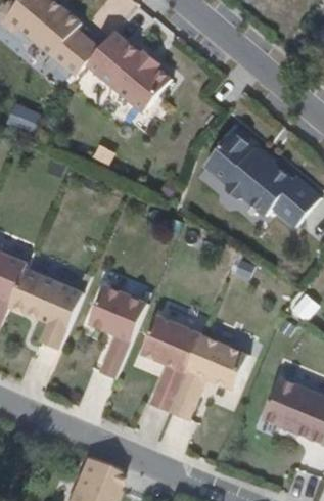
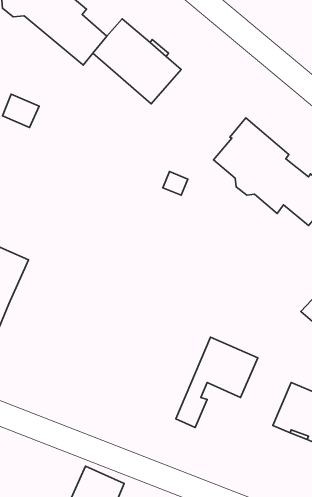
building: [10,266,85,348] -> none
building: [89,284,147,377] -> none
building: [141,315,201,412] -> none

